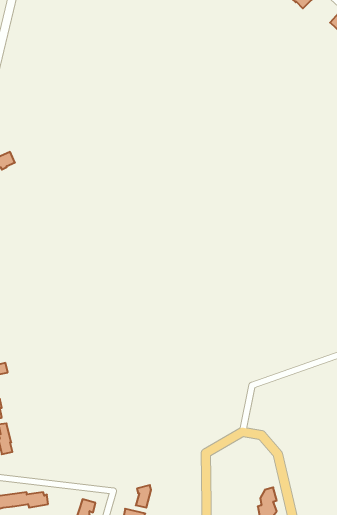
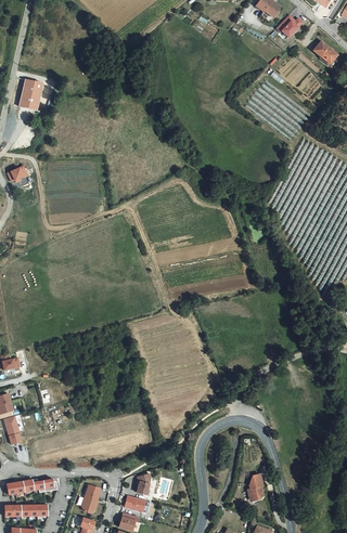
building: none -> [20,78,44,109]

